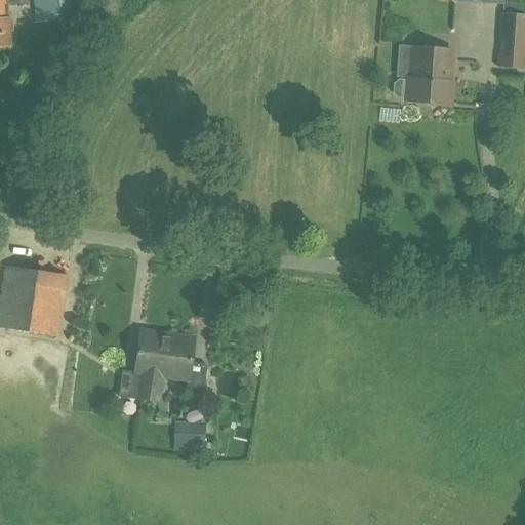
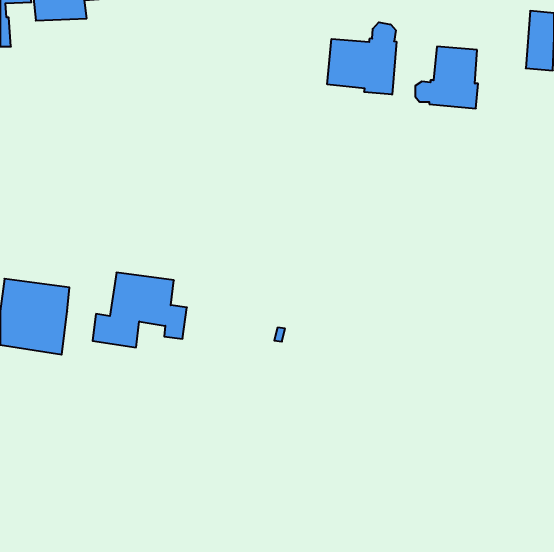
building: none -> [327,22,396,95]
building: [118,329,207,400] -> [93,273,187,347]
building: [173,420,205,450] -> none

